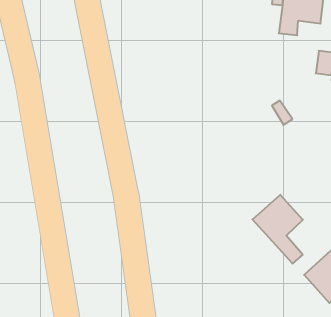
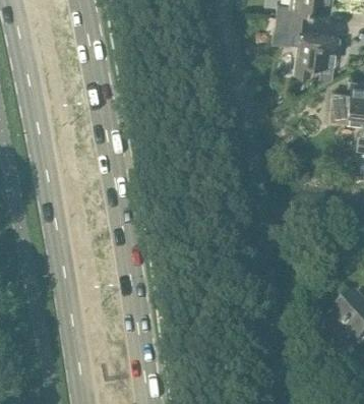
building: [252,195,303,264] -> none

